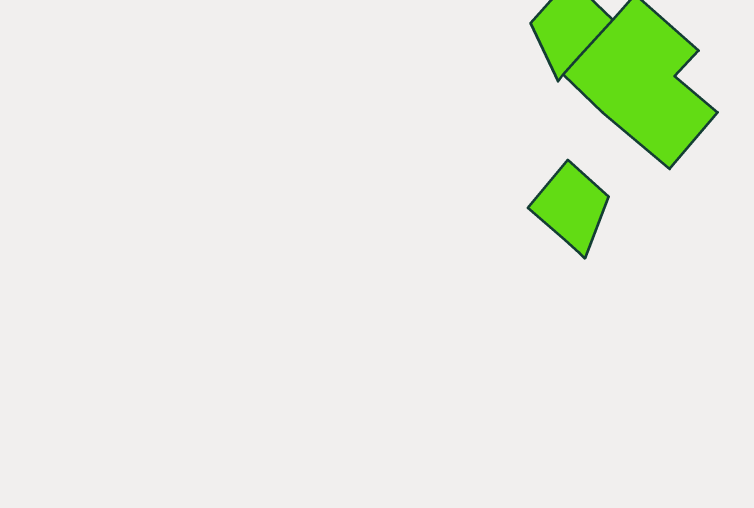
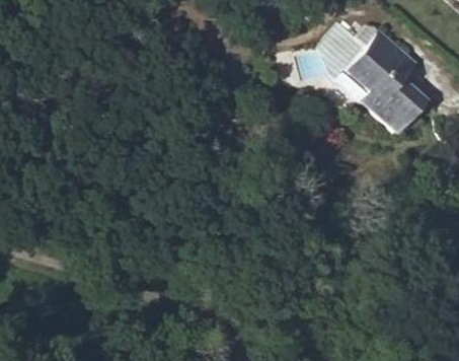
building: [528,160,609,258] -> none

